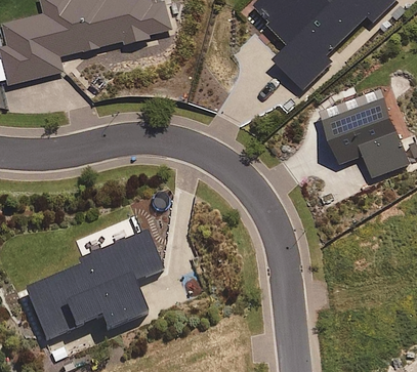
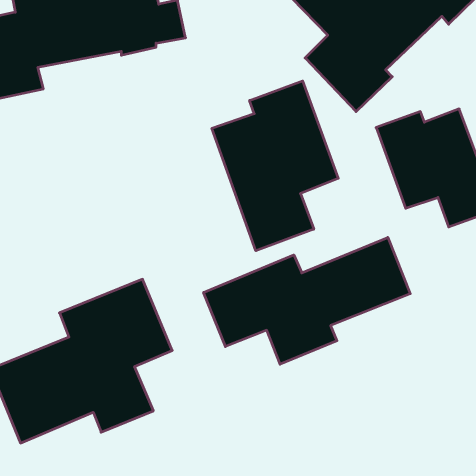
building: none -> [212,81,338,251]
building: none -> [204,237,410,364]

